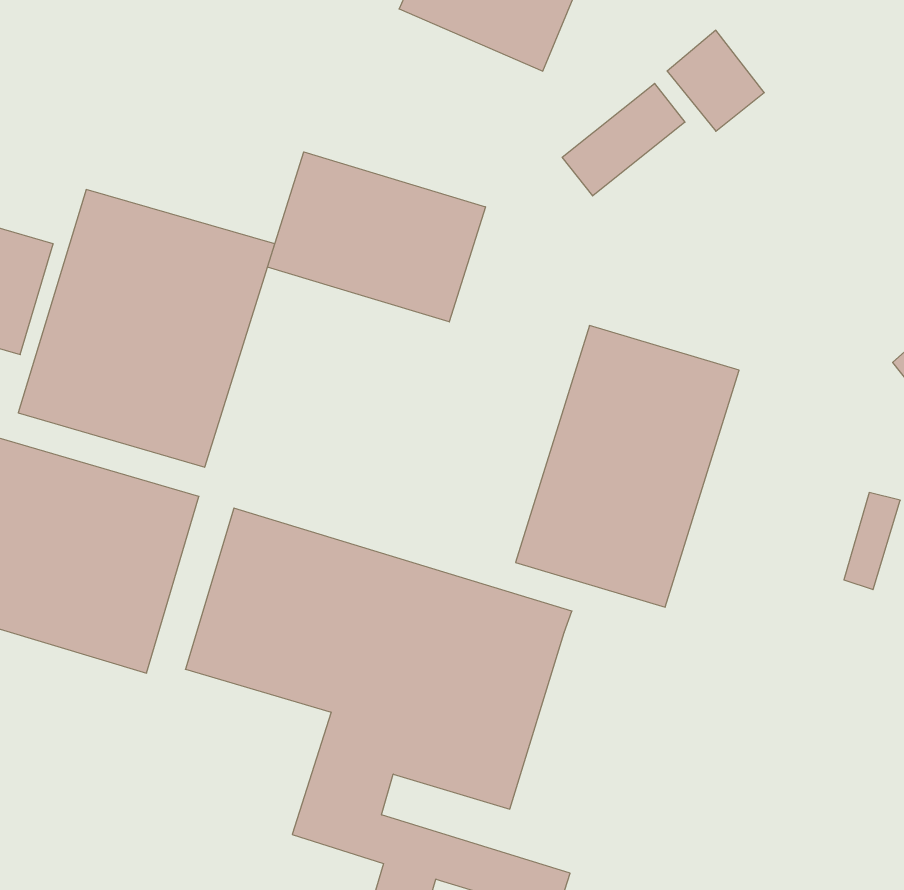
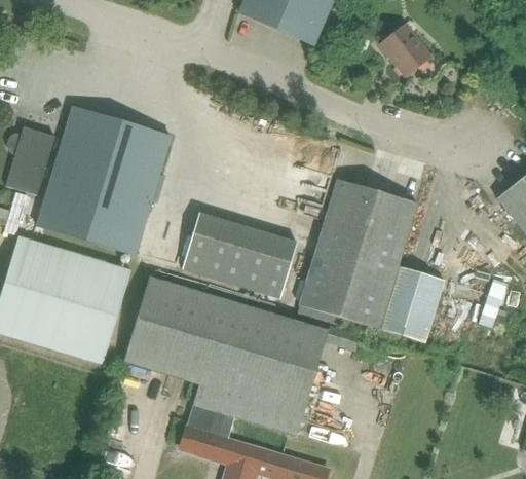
building: [562,83,685,196] -> none
building: [267,152,485,322] -> none
building: none -> [182,213,298,298]
building: none -> [378,265,444,342]

